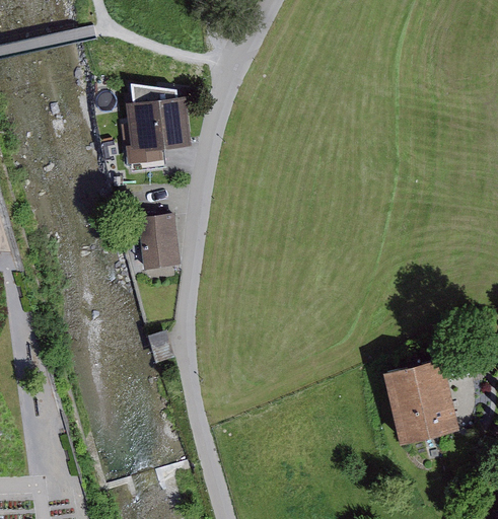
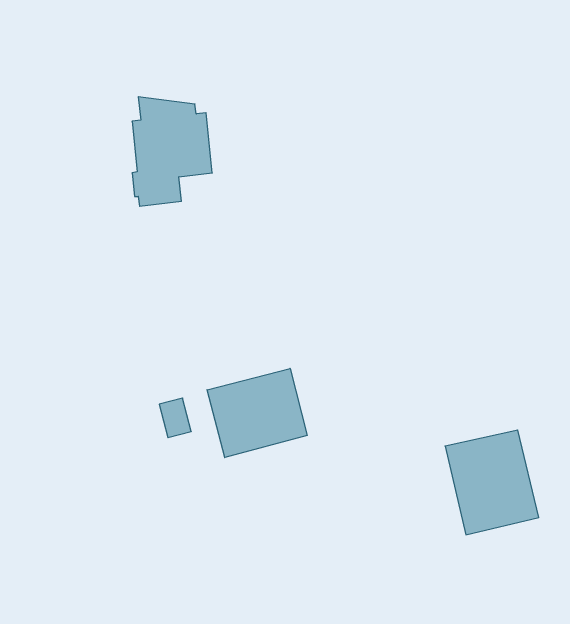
building: [137,214,180,271] -> none
building: none -> [207,368,307,458]

